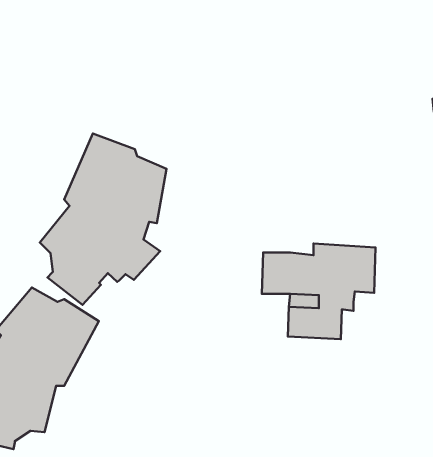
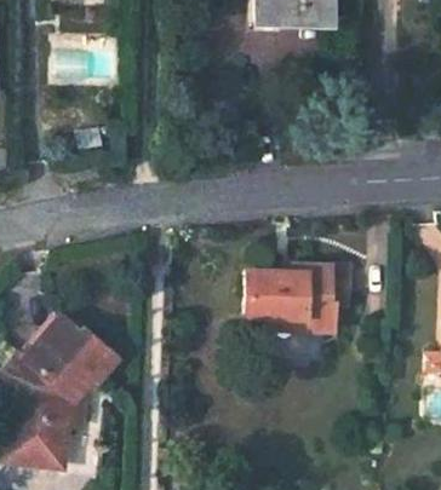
building: [40,134,167,305] -> none

